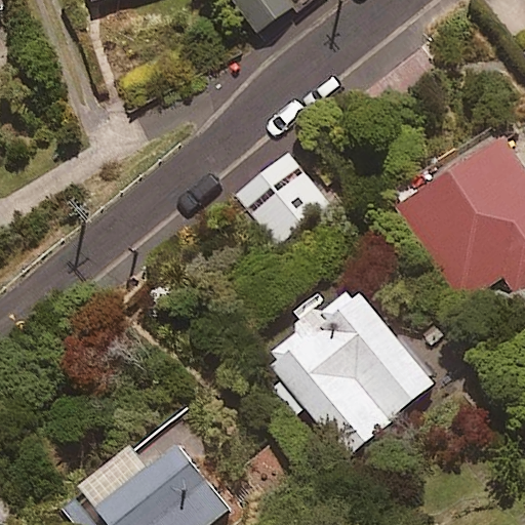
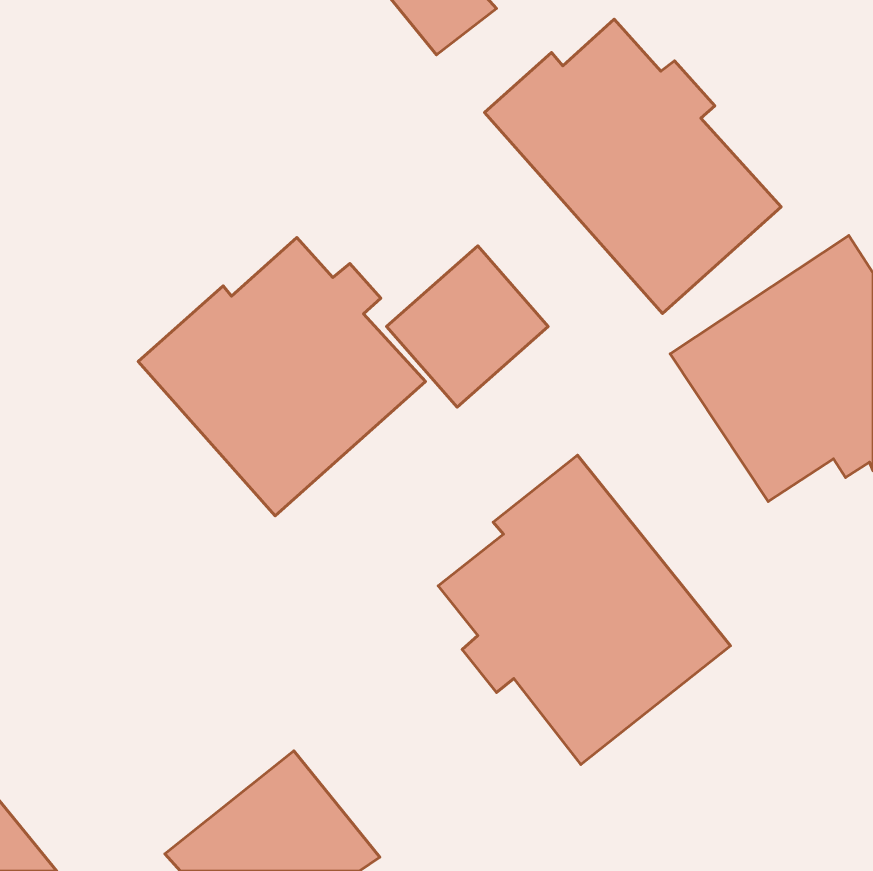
building: none -> [484,19,781,313]
building: none -> [138,237,426,516]

